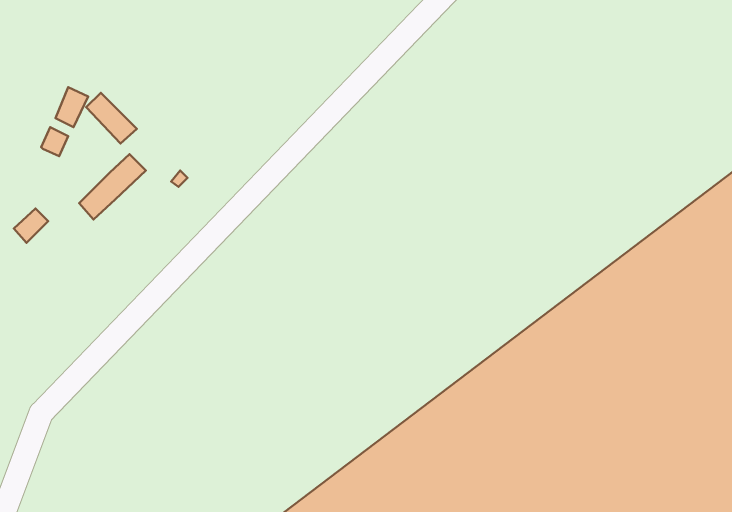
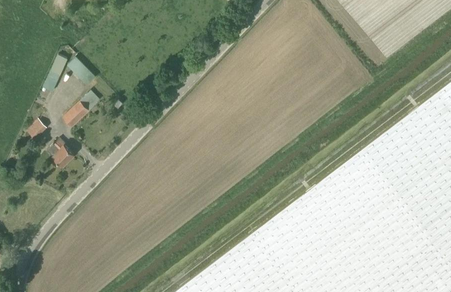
building: none -> [47,141,74,168]

